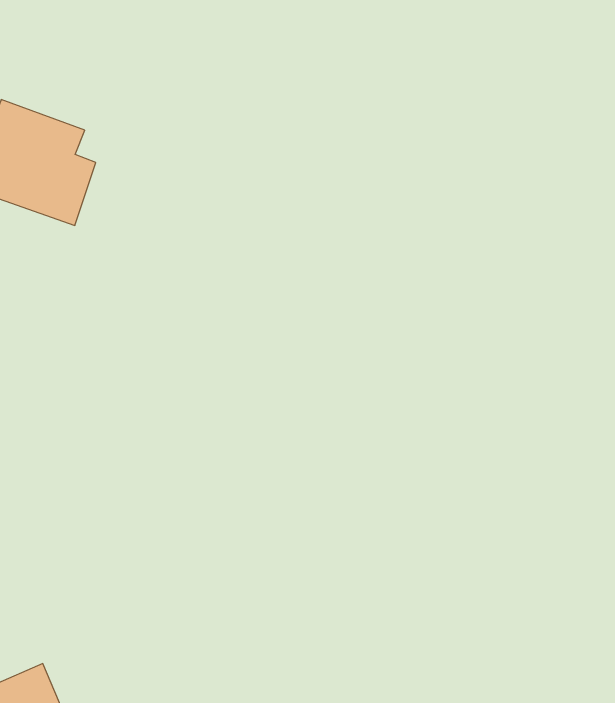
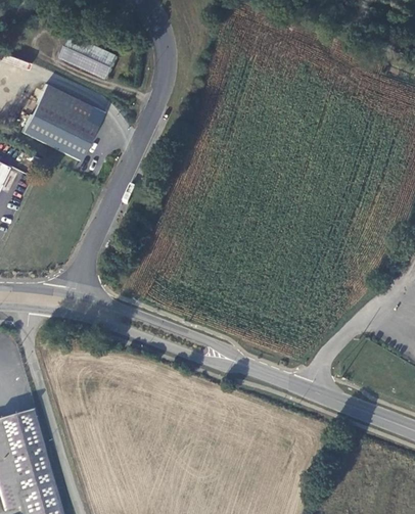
building: none -> [68,36,122,78]

